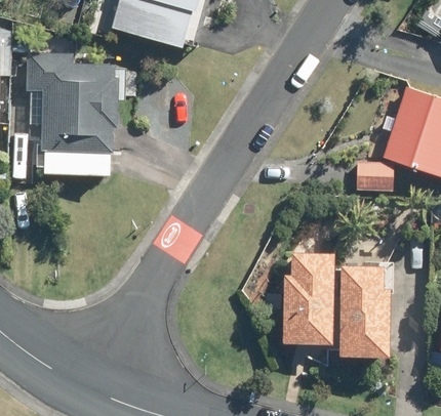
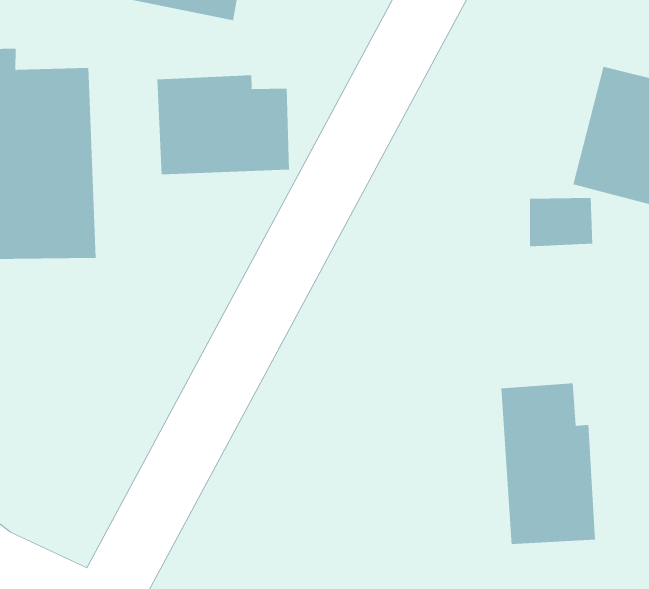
building: none -> [157,75,290,175]
building: [279,253,332,346] -> none

